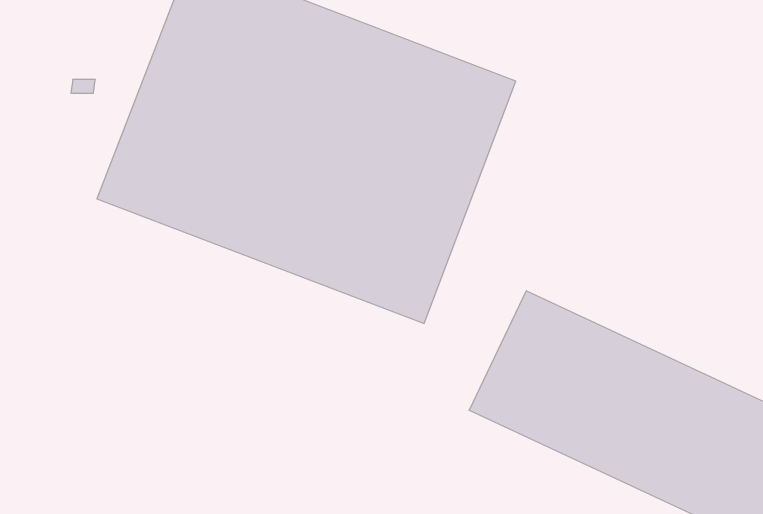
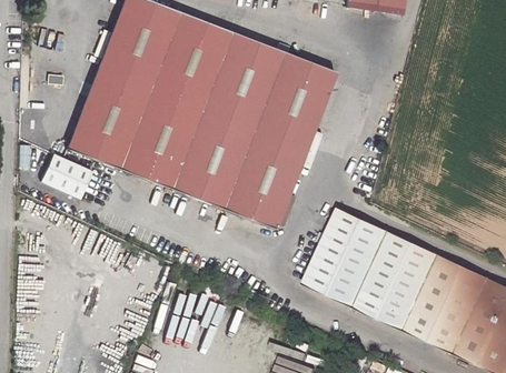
building: none -> [43,154,93,198]

